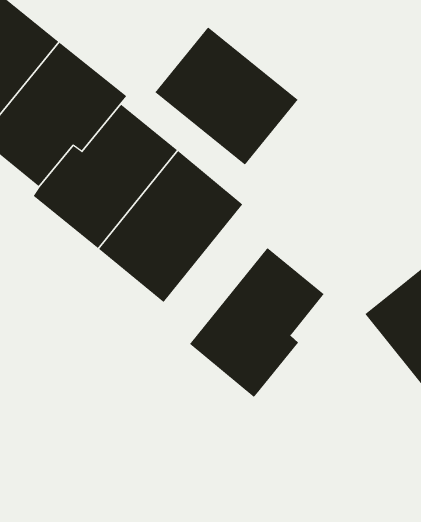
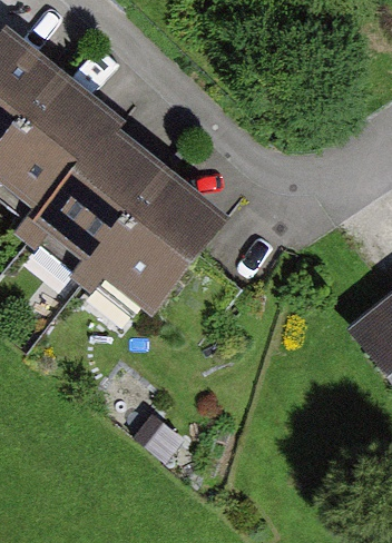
building: [154,26,299,166] -> none
building: [189,247,325,398] -> none

